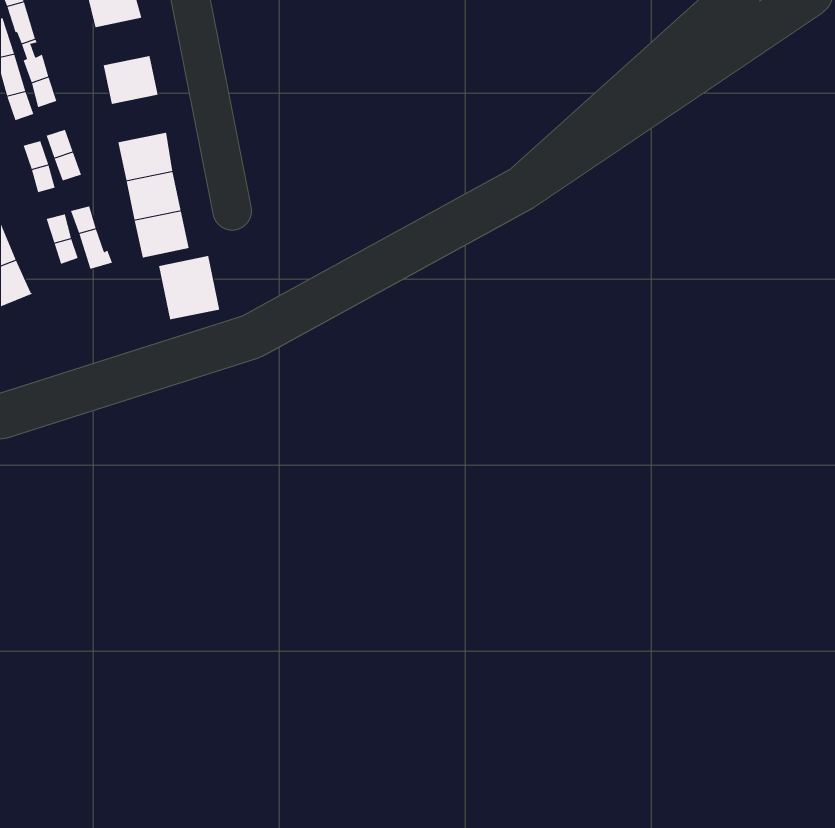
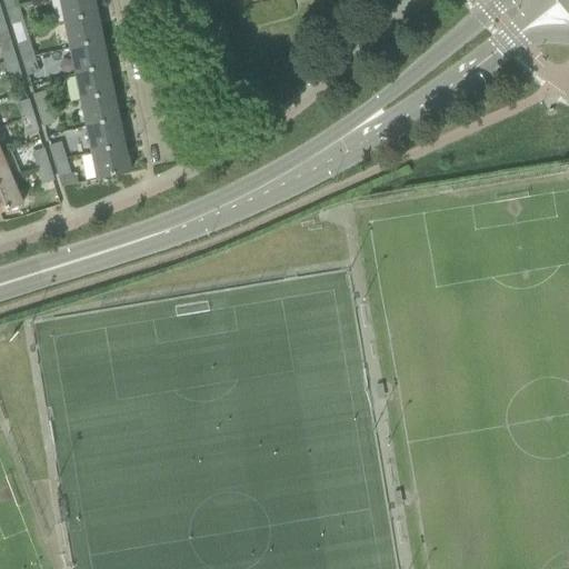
building: none -> [64,12,102,44]
building: none -> [76,64,113,97]
building: [159,255,220,320] -> none

